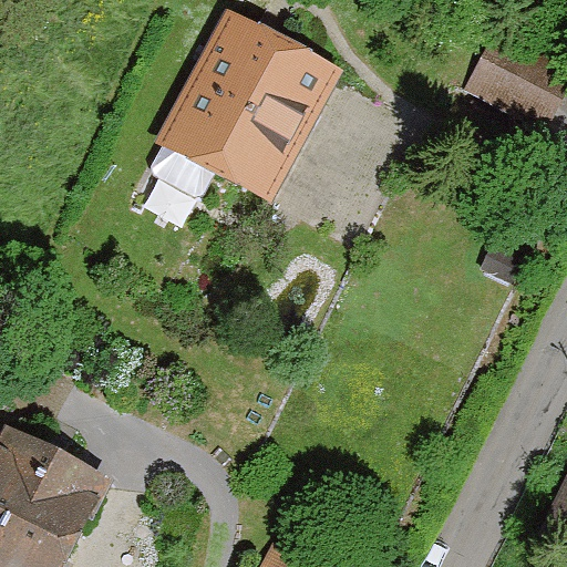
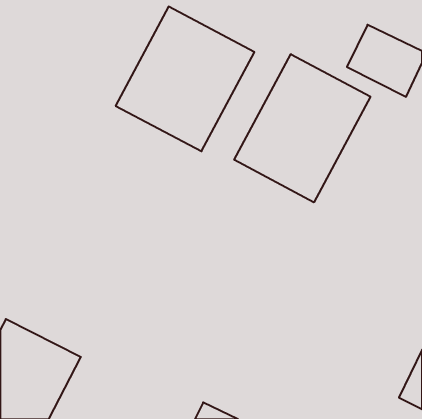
building: none -> [234,54,370,202]

